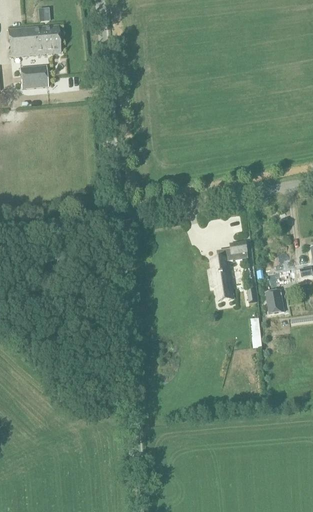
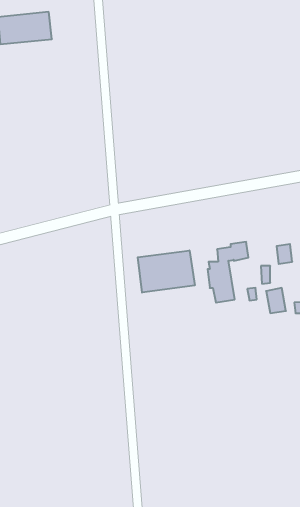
building: [19,66,47,89] -> none
building: none -> [138,250,195,293]

